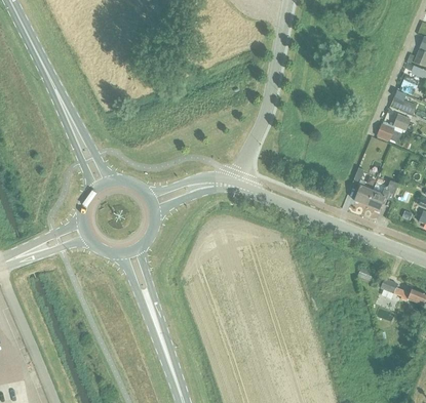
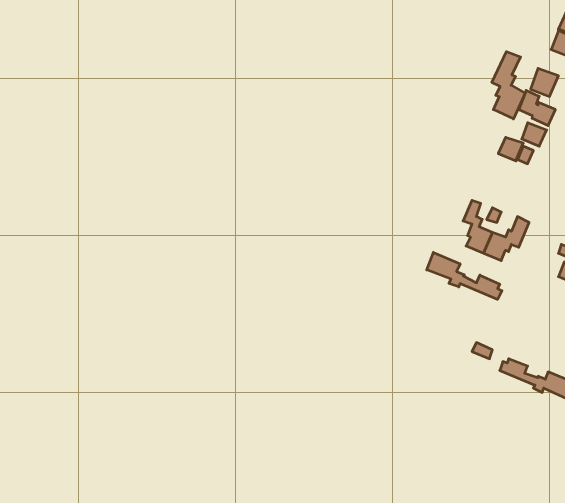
building: none -> [492,52,525,119]
building: none -> [427,252,502,299]

